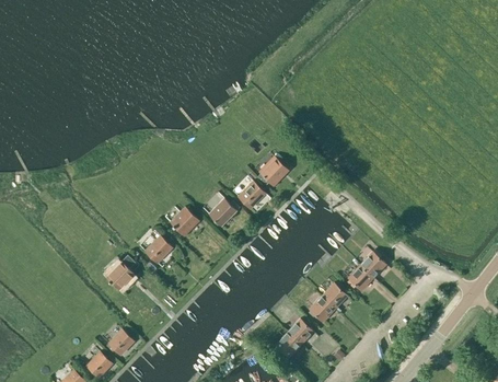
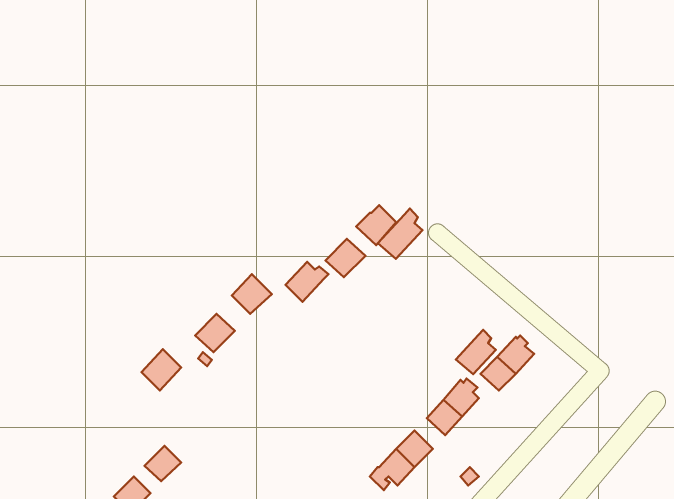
building: none -> [378,208,423,259]
building: none -> [456,330,496,374]

